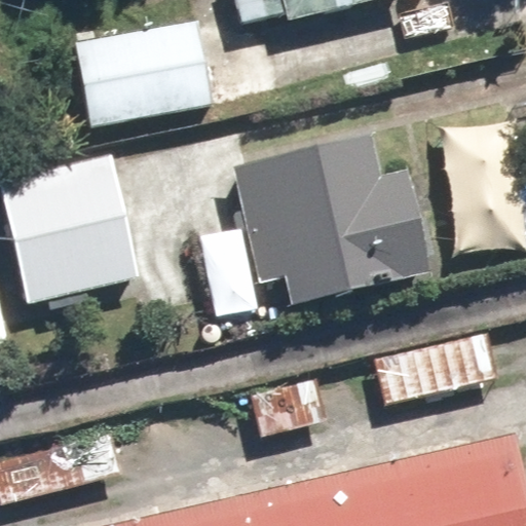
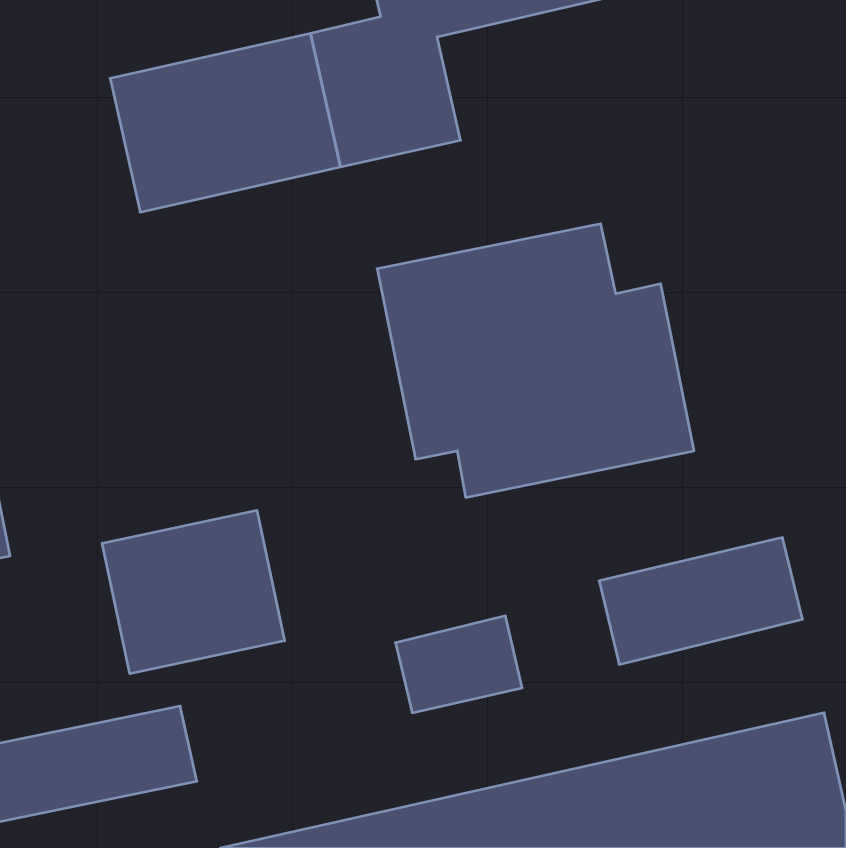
building: [7,135,145,296] -> none
building: none -> [102,510,285,674]

